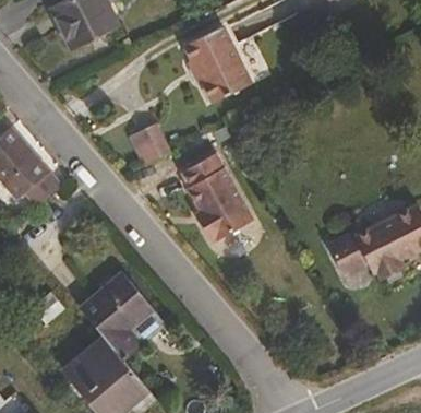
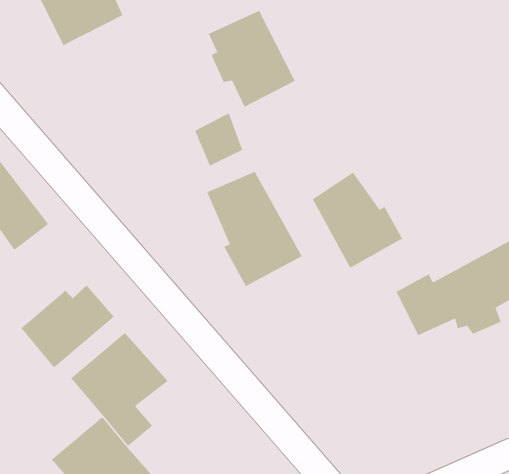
building: [123,123,161,166] -> [194,112,243,167]
building: none -> [312,171,403,269]
building: none -> [20,284,115,369]

